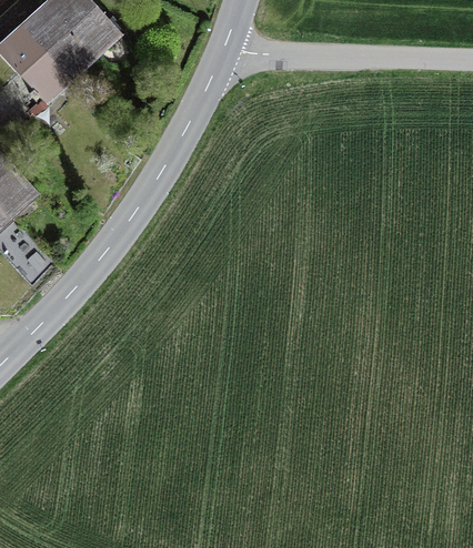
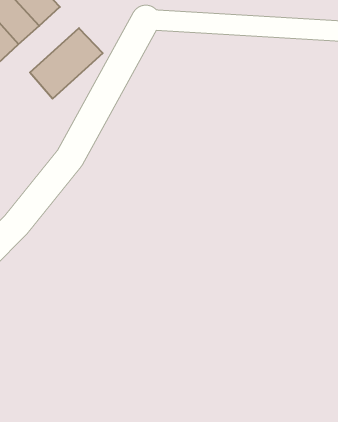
building: none -> [30,28,103,99]

